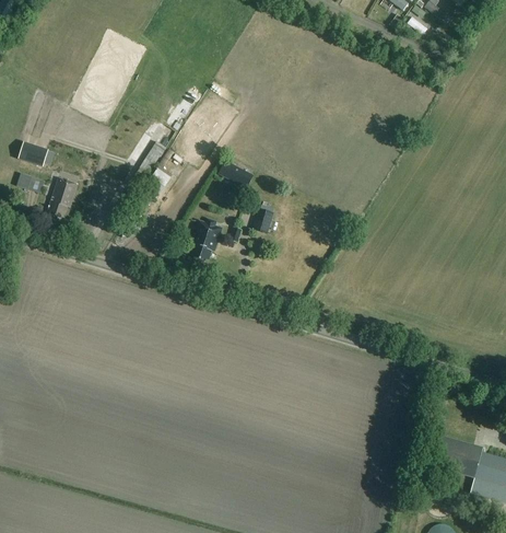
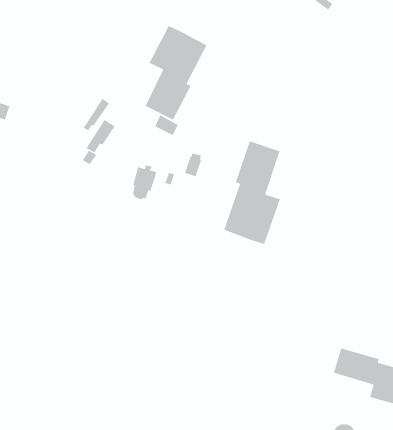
building: none -> [145,25,207,121]
building: [48,176,78,216] -> none
building: none -> [223,141,281,245]

